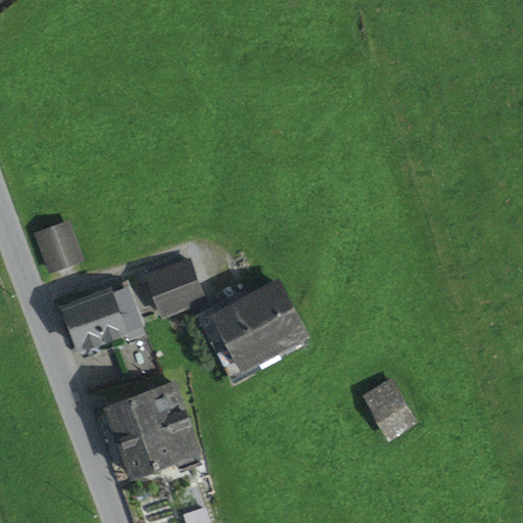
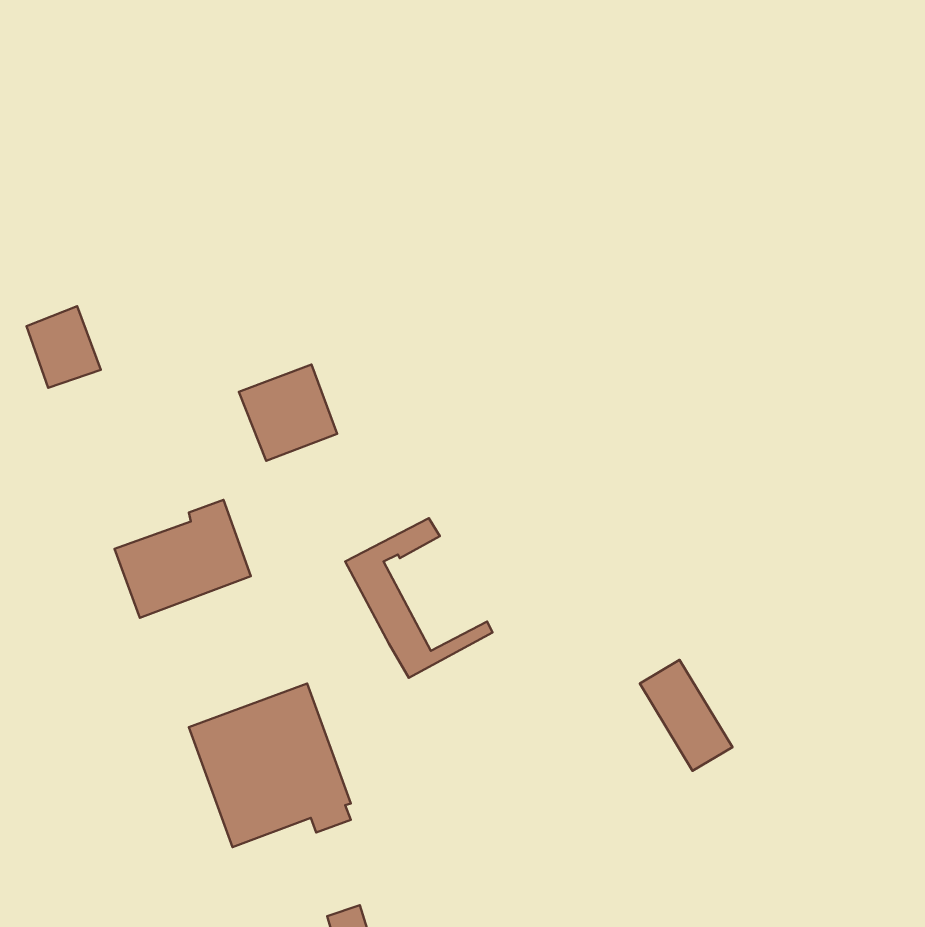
building: [37,225,79,271] -> [26,306,101,388]
building: [148,262,203,316] -> [239,365,337,461]
building: [216,287,302,367] -> none

